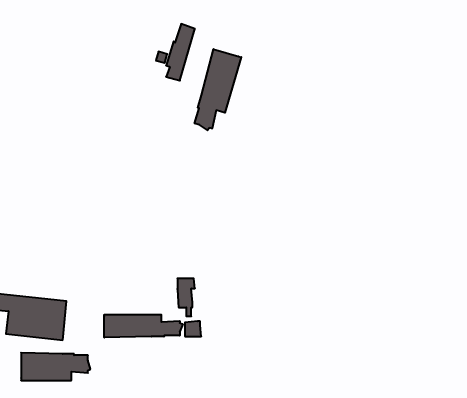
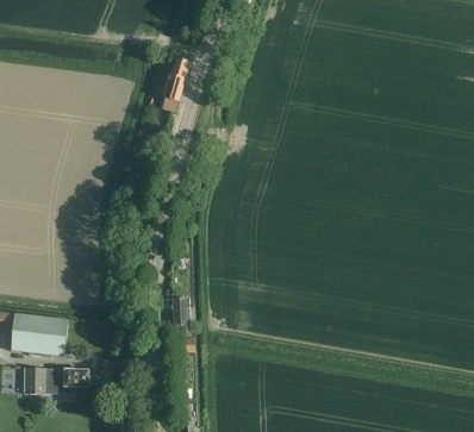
building: [195,49,241,130] -> none
building: [104,315,183,338] -> none

